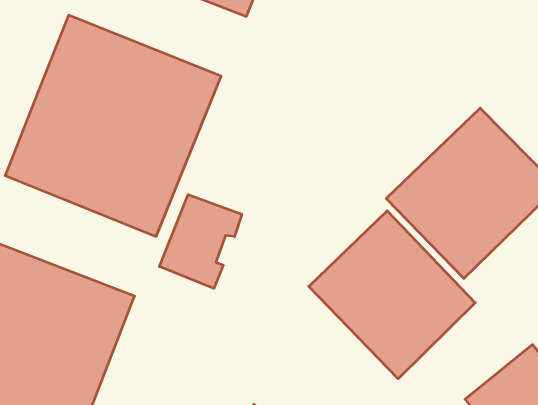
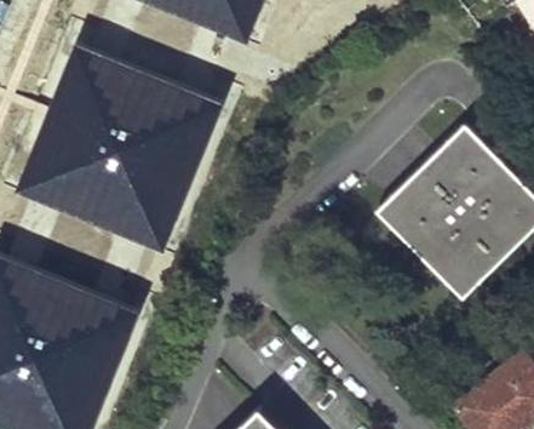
building: [159,195,242,288] -> none
building: [309,211,475,379] -> none

